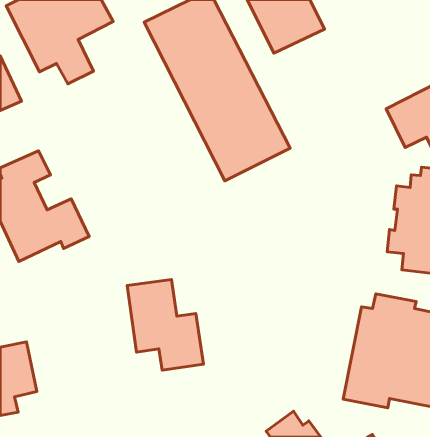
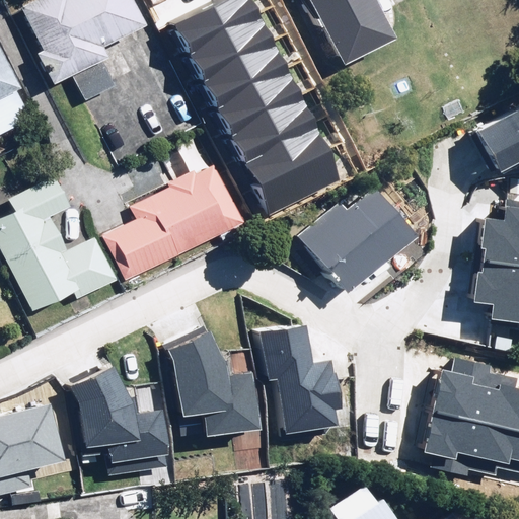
building: none -> [105,161,248,280]
building: none -> [304,176,416,293]
building: none -> [258,326,338,435]
building: none -> [67,370,164,471]

